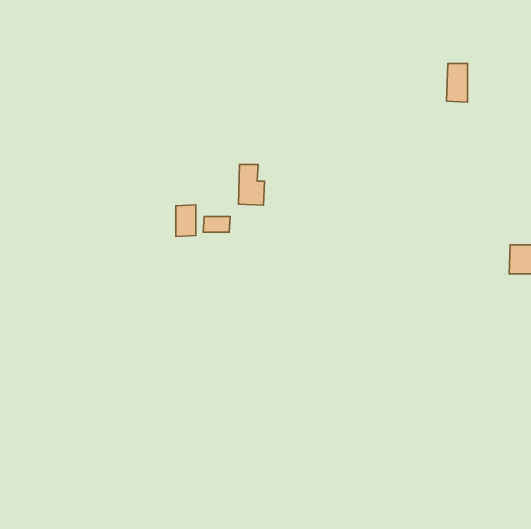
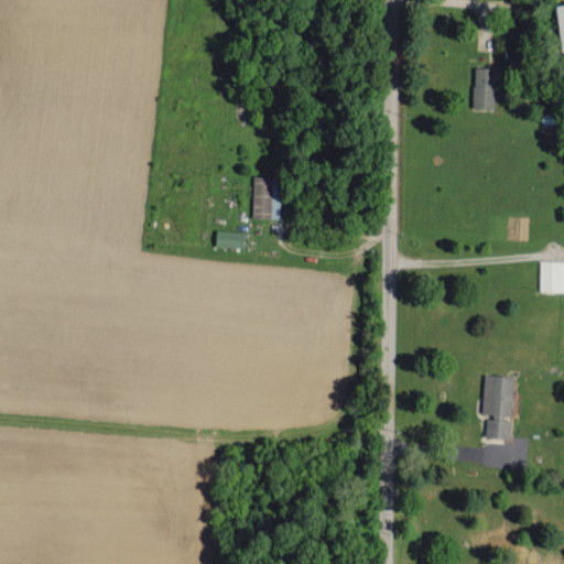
building: [176,205,196,237] -> none
building: none -> [482,376,514,440]

